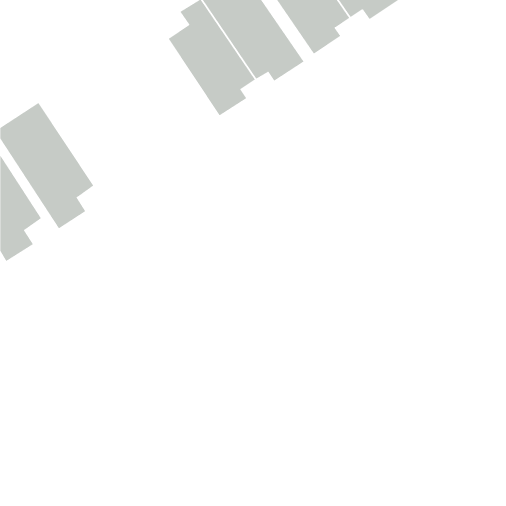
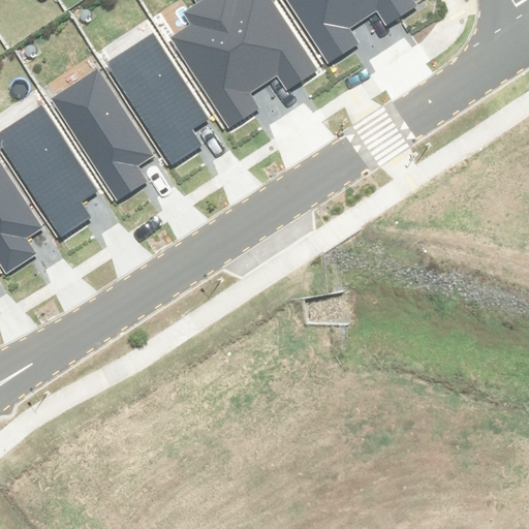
building: none -> [105,34,210,166]
building: none -> [49,68,154,200]

